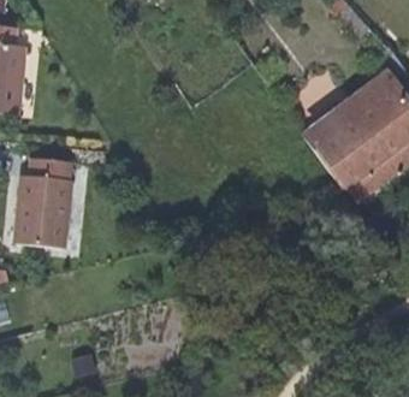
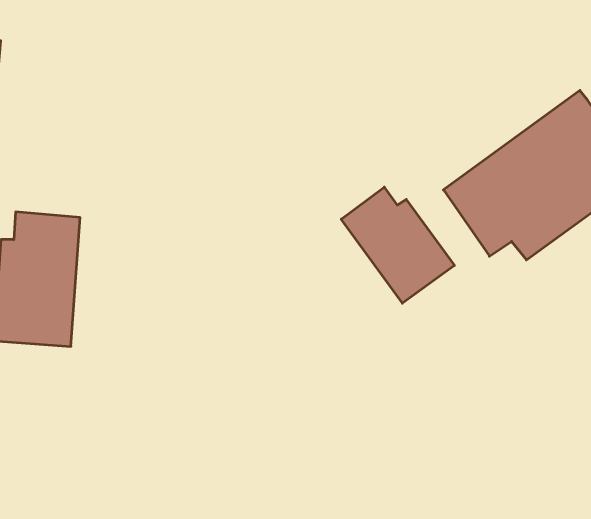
building: none -> [341,187,454,303]

